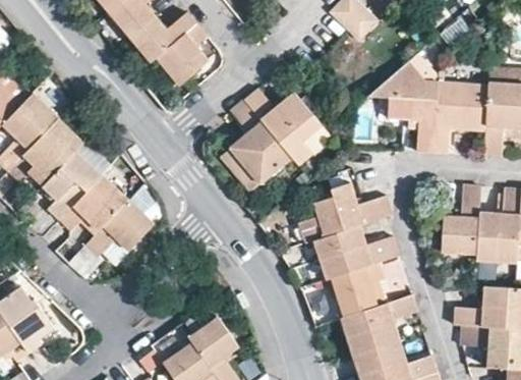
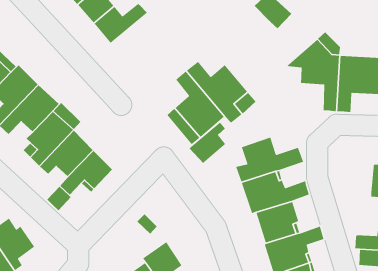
building: [149,28,207,89] -> none
building: none -> [189,121,226,164]
building: [441,184,480,253] -> none

